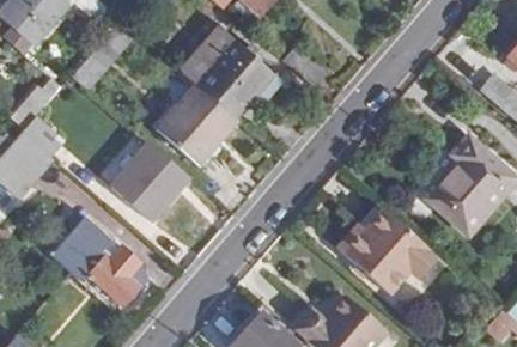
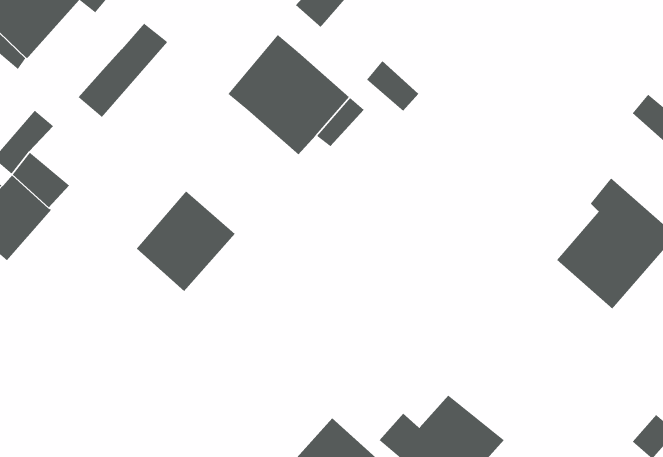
building: [156,84,237,165] -> none
building: [333,207,437,296] -> none
building: [55,224,138,305] -> none

